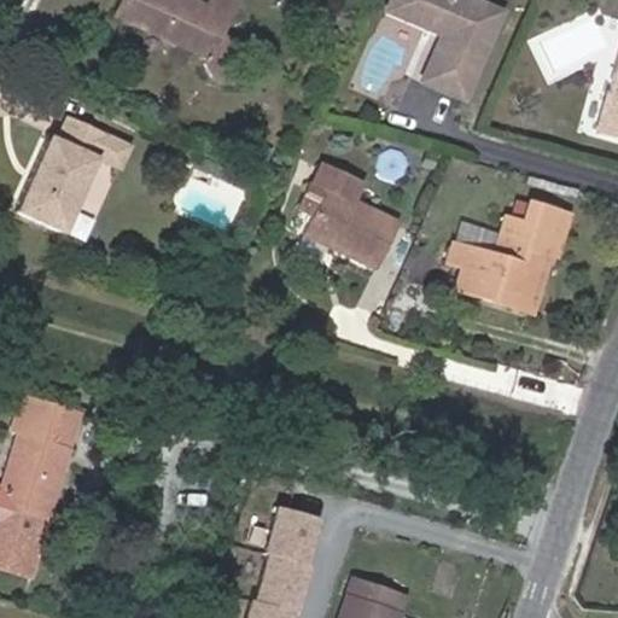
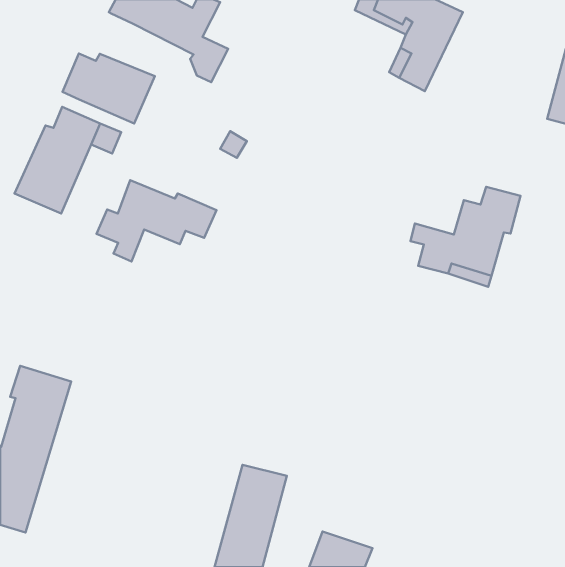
building: none -> [62,53,155,123]
building: [303,164,398,266] -> none
building: none -> [97,180,216,262]

